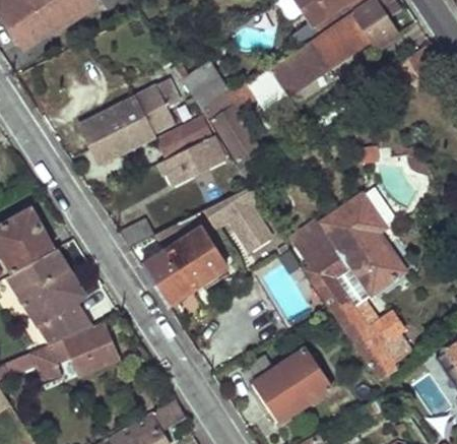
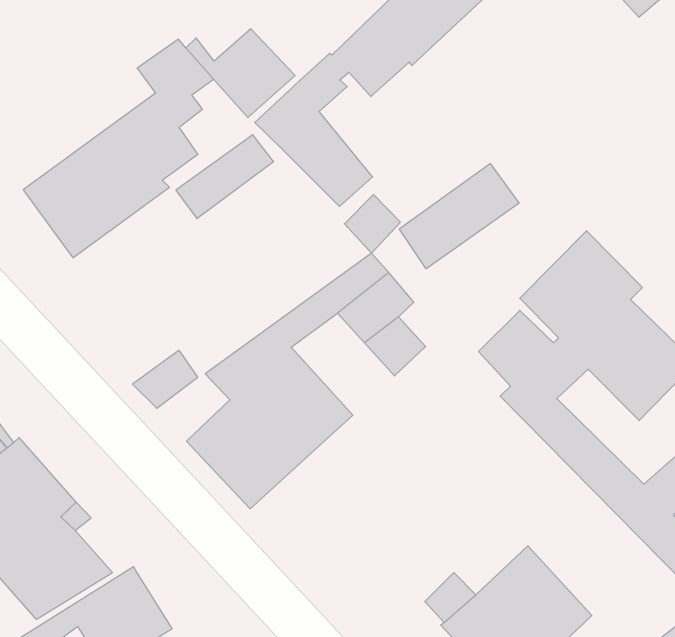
building: [162,137,225,185] -> [399,163,519,269]

